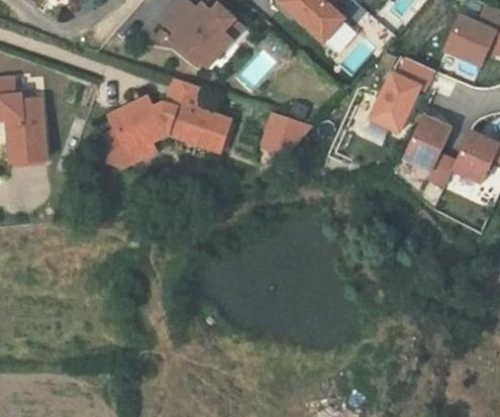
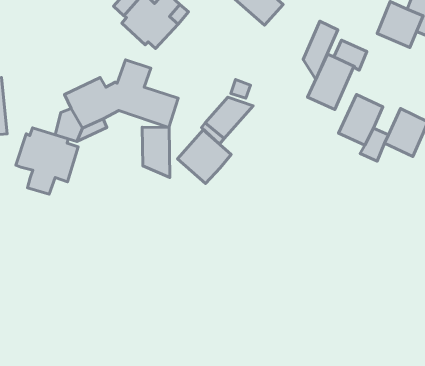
building: none -> [303,21,338,80]
building: none -> [142,127,170,178]
building: none -> [16,128,78,194]
building: none -> [178,130,231,183]

